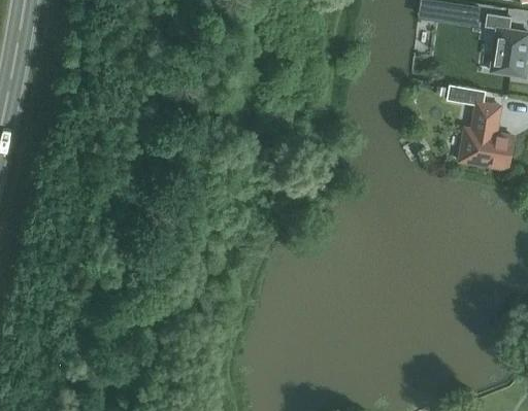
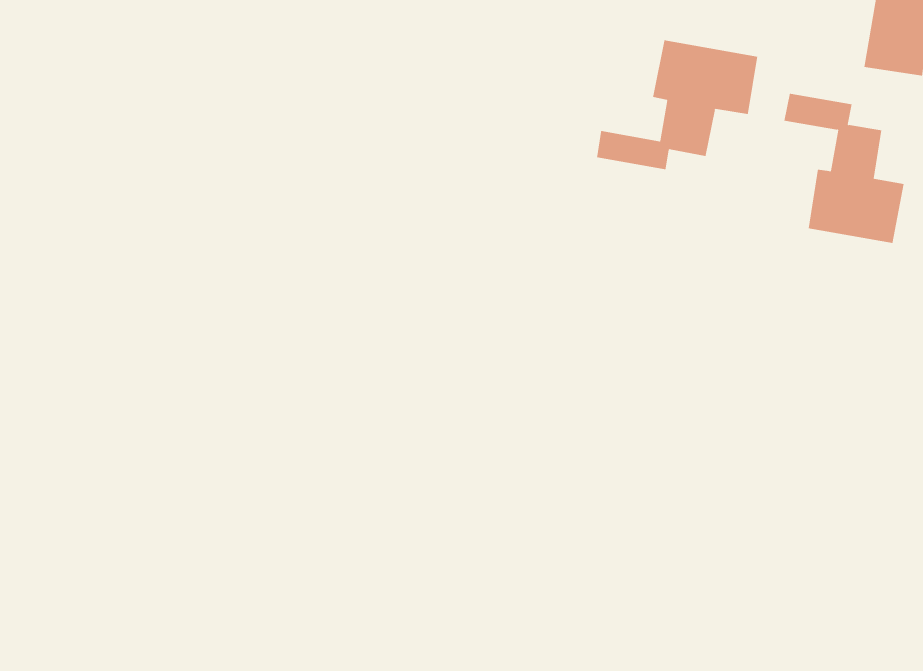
building: none -> [597,40,758,170]

